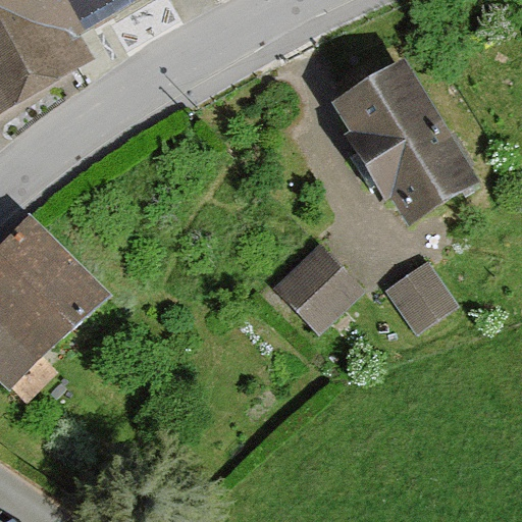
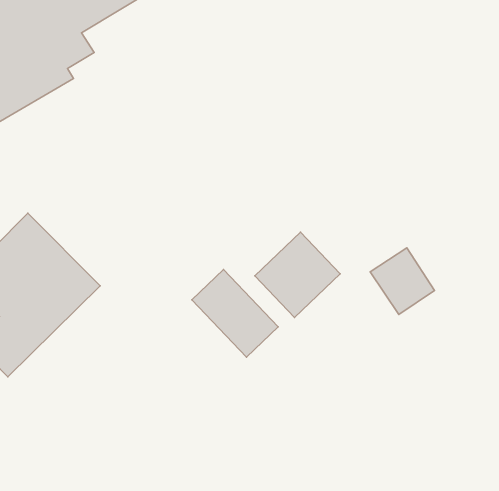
building: [336,59,480,221] -> none
building: none -> [192,269,278,357]

